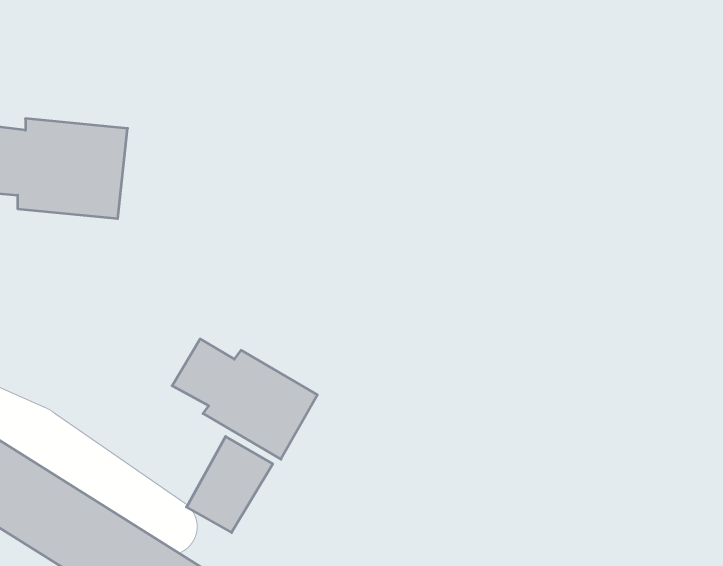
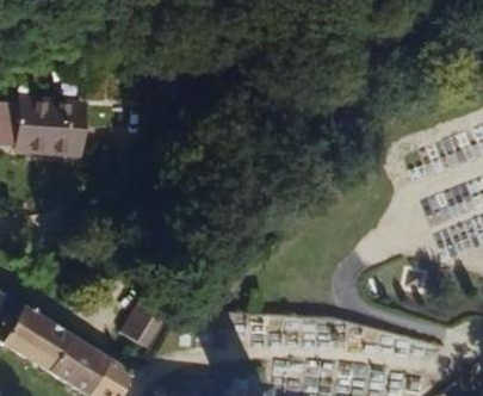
building: [172,339,317,459] -> none

